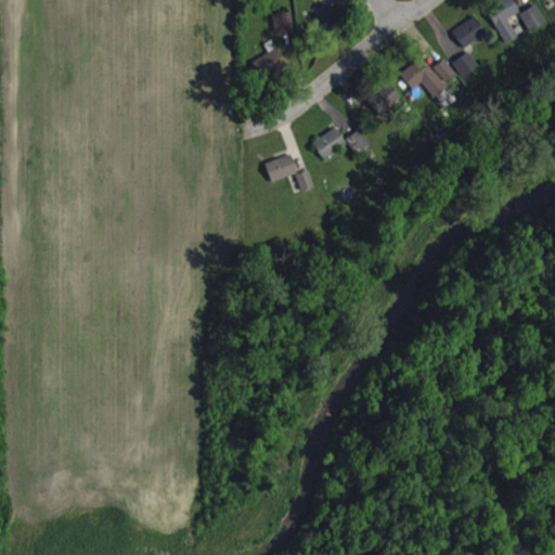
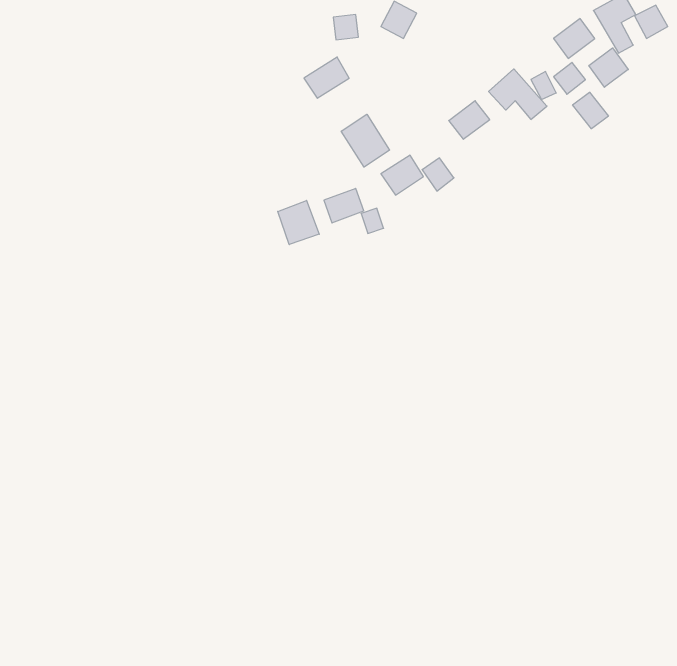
building: none -> [589,48,628,87]
building: none -> [573,92,608,129]
building: none -> [341,114,390,167]
building: none -> [278,200,319,245]

